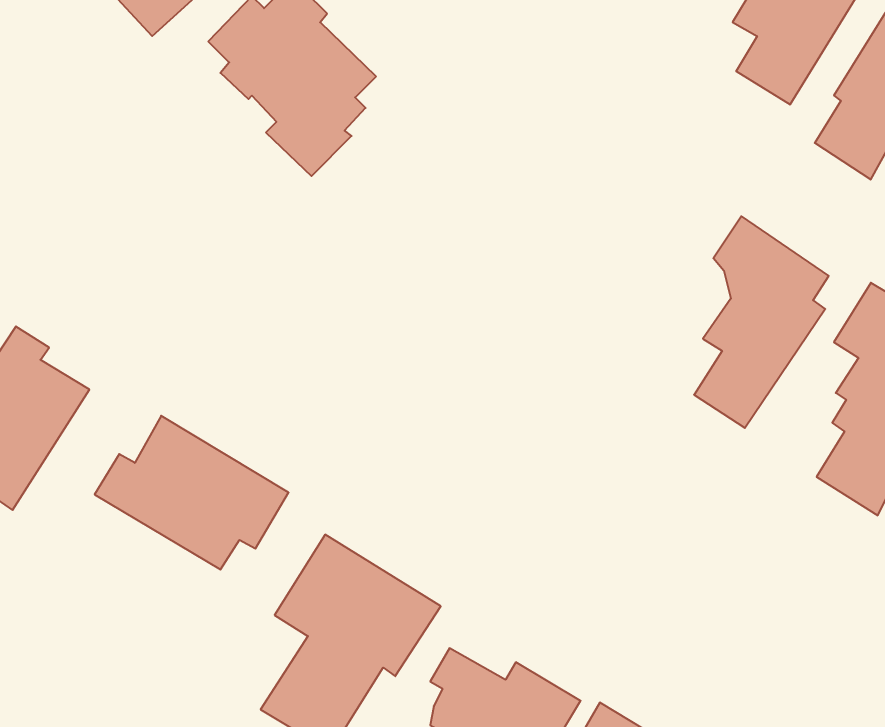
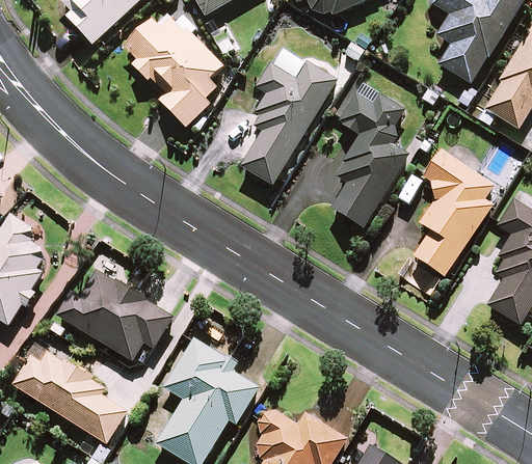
building: none -> [241,48,337,186]
building: none -> [331,83,409,227]
building: none -> [14,353,126,443]

